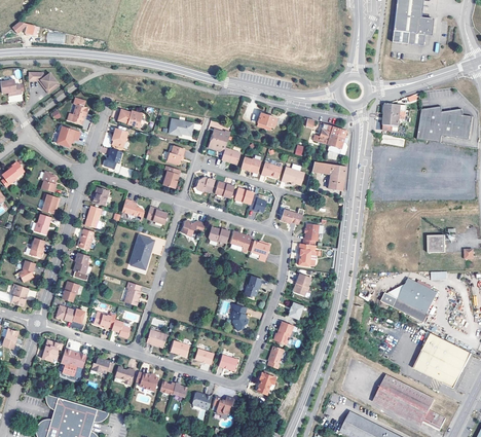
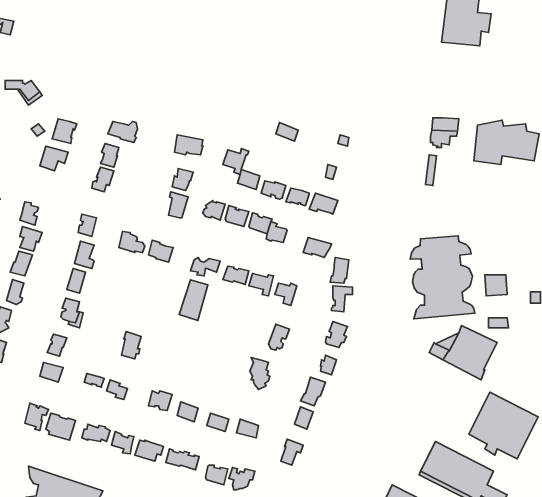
building: [308,122,347,155] -> none
building: [307,157,341,186] -> none
building: none -> [410,236,475,319]
building: [131,236,154,270] -> [179,280,208,321]

